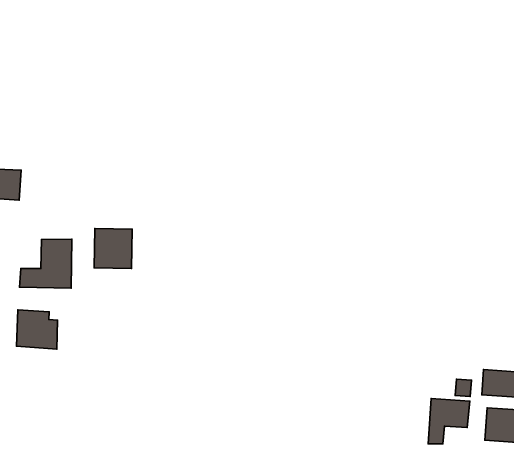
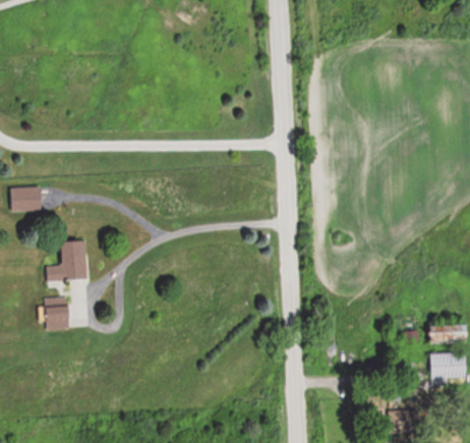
building: [94,228,132,268] -> none
building: [428,398,470,444] -> none

